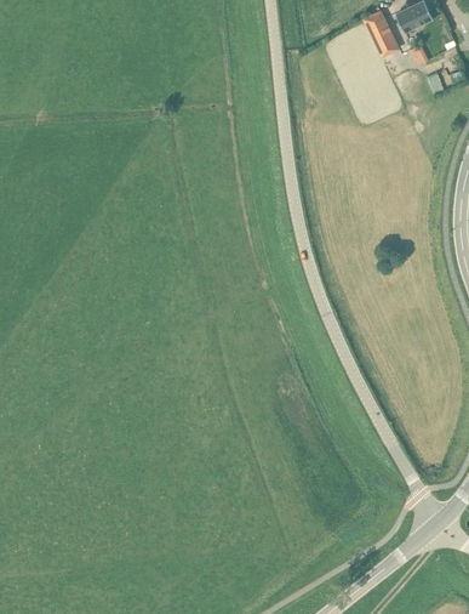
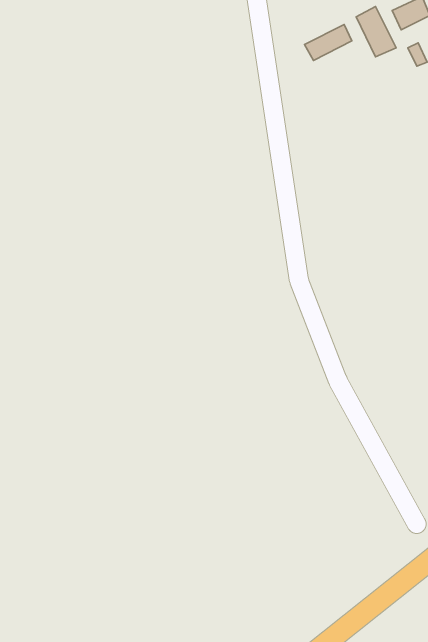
building: none -> [304,25,352,60]

